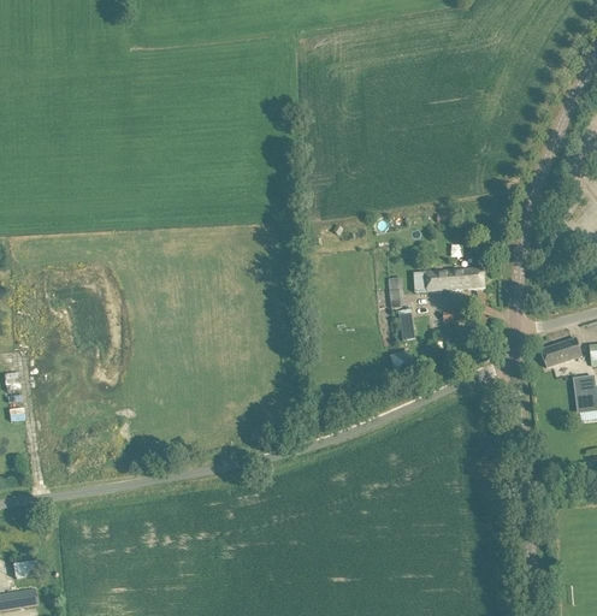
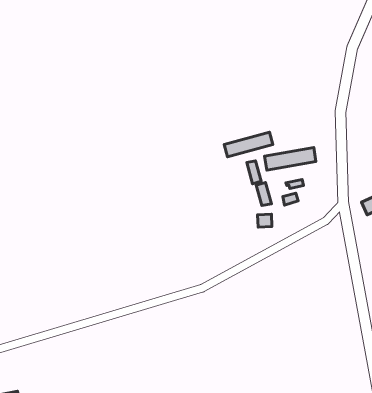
building: none -> [224,132,273,157]

